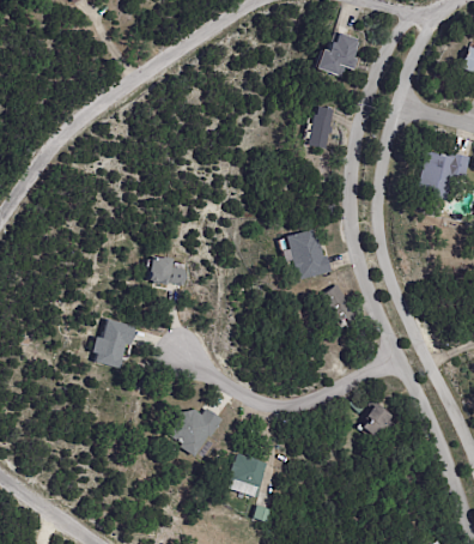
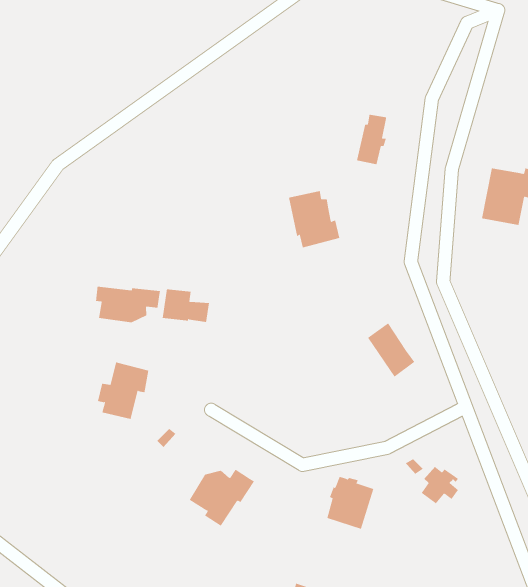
building: [318,31,360,77] -> none
building: [287,230,332,279] -> [288,190,340,248]
building: none -> [95,286,160,323]
building: [227,453,268,498] -> [326,476,374,530]

